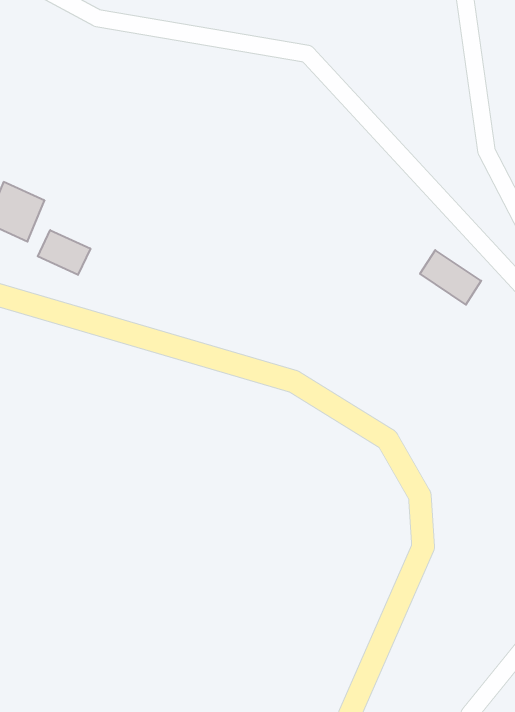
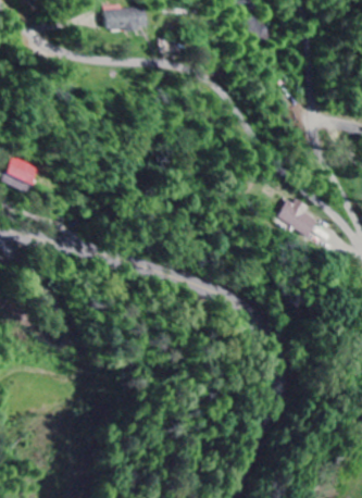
building: [38,230,90,275] -> none

